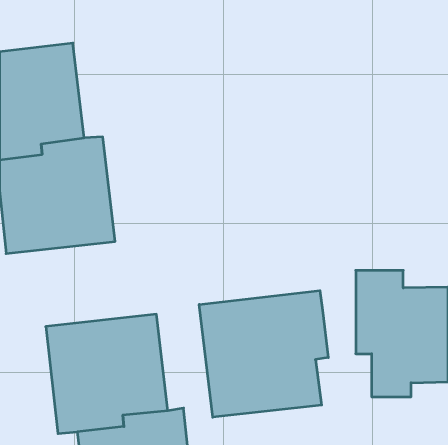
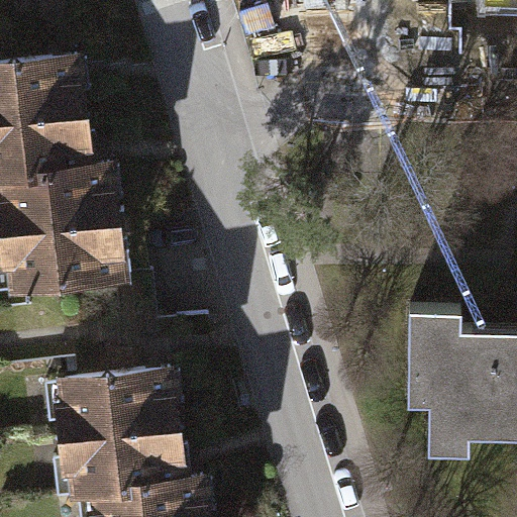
building: [199,291,328,417] -> none

